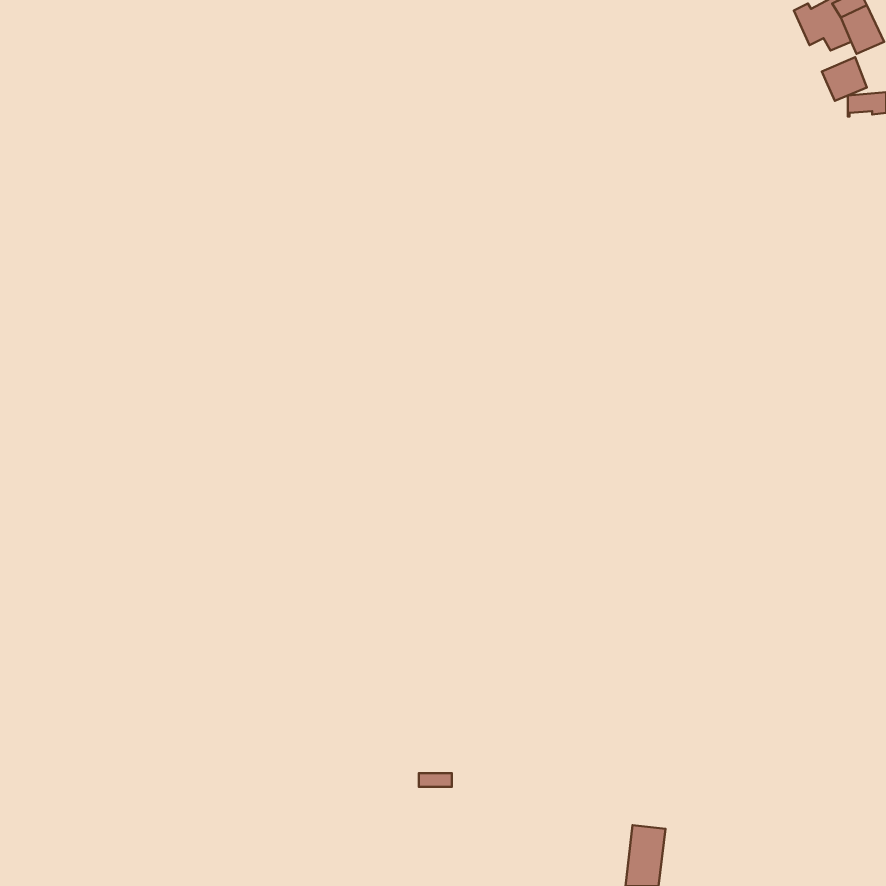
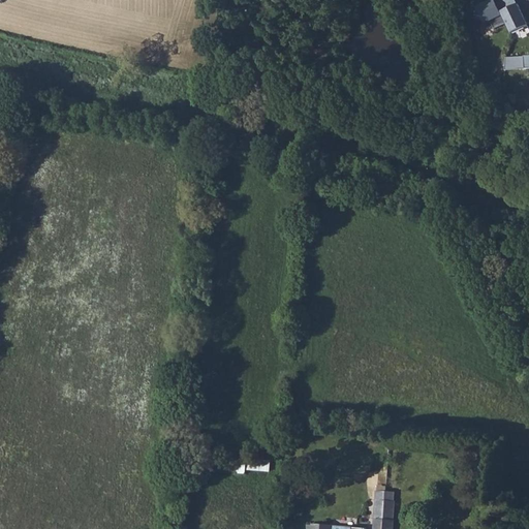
building: [822,57,867,101] -> none

